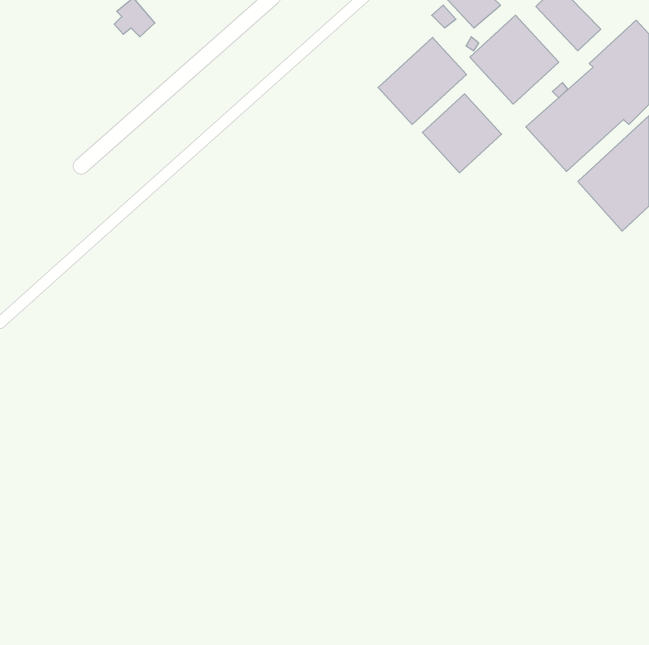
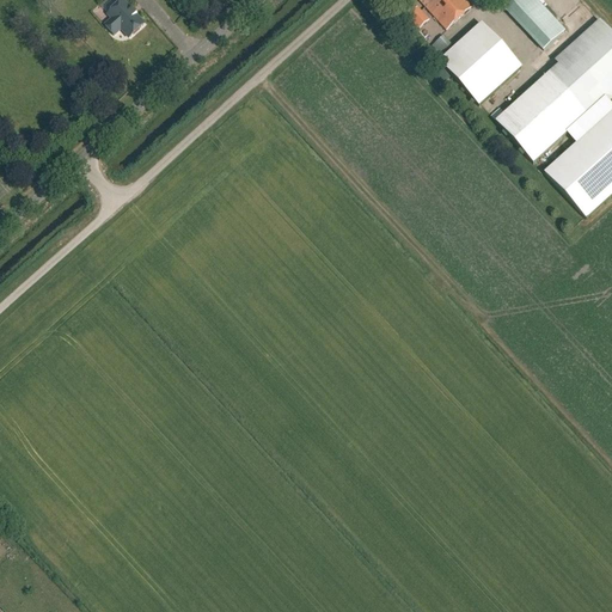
building: [378,37,466,124] -> none
building: [422,94,502,173] -> none

